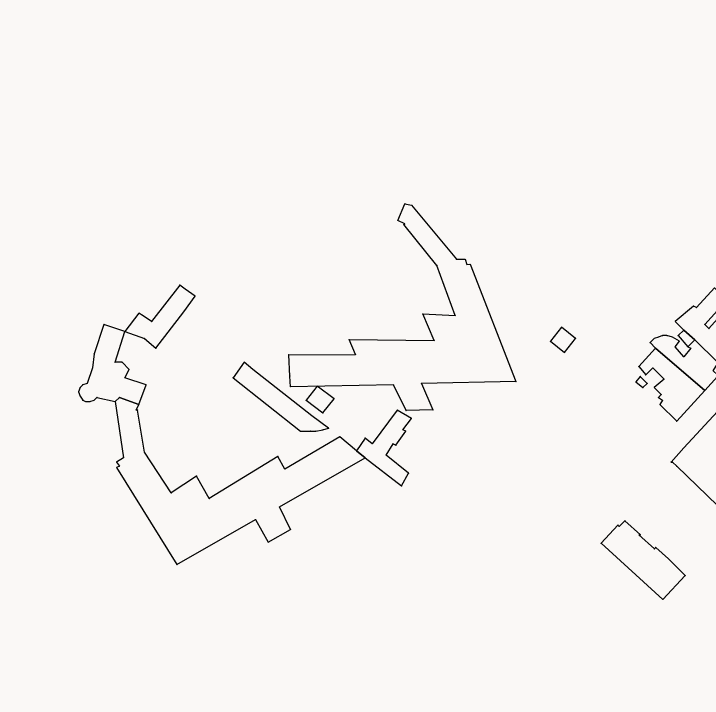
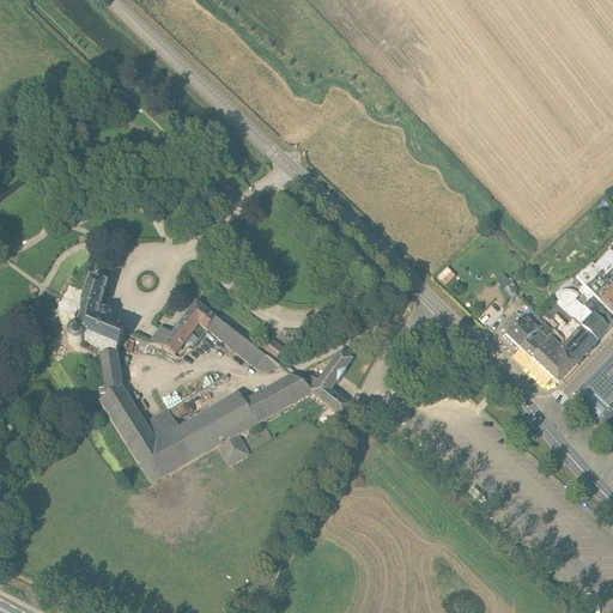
building: [289,204,516,411] -> none
building: [125,285,195,348] -> [150,299,210,353]
building: [601,521,685,599] -> [506,312,578,380]

